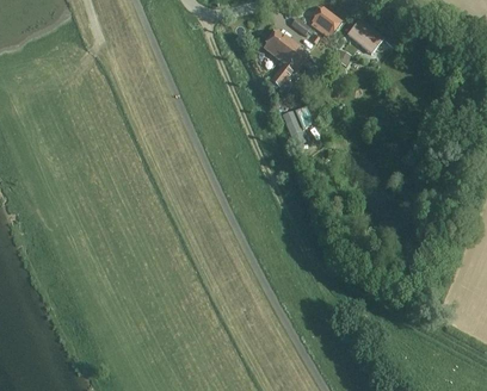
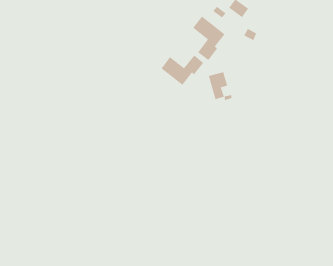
building: [347,18,382,52] -> none
building: none -> [160,54,204,86]

